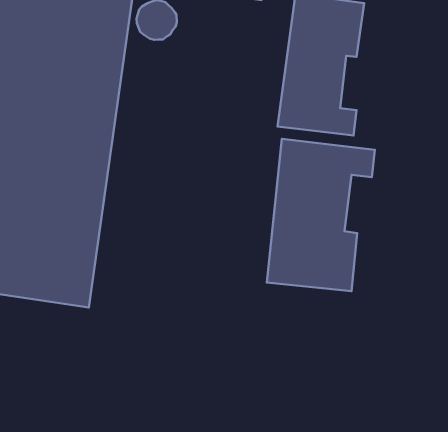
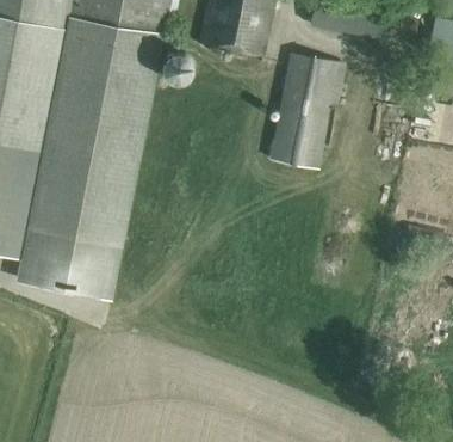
building: [267,139,375,291] -> none

